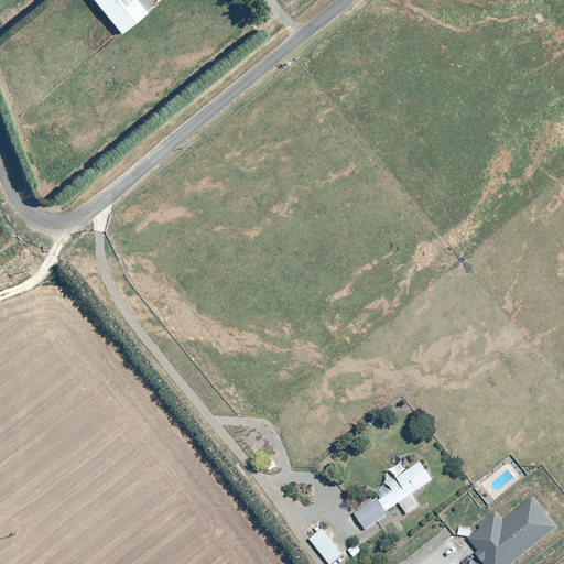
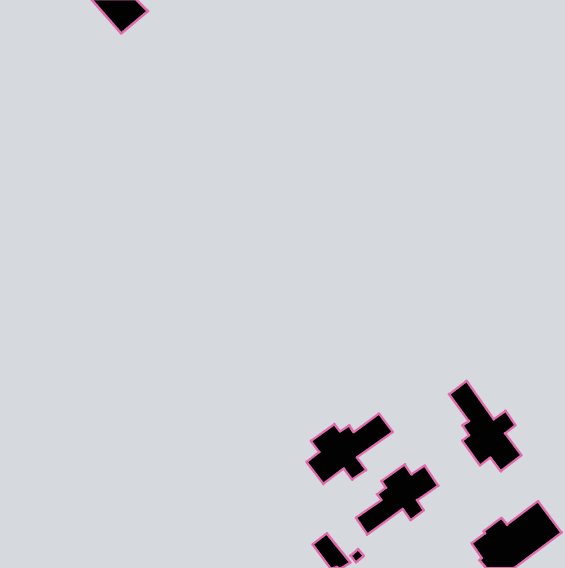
building: none -> [449,381,521,471]
building: none -> [307,414,393,484]

